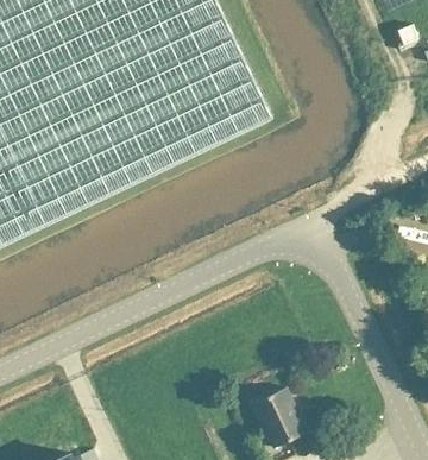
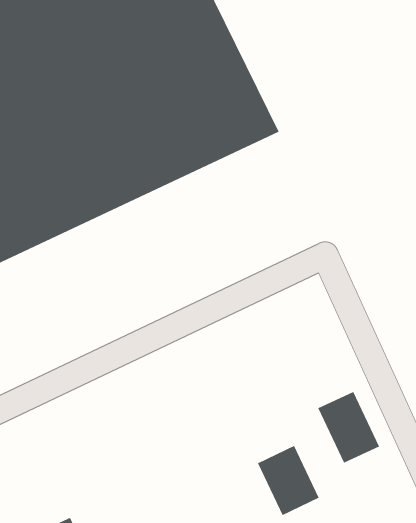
building: none -> [317,391,380,464]

